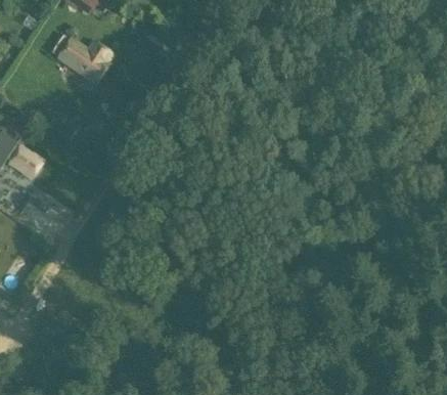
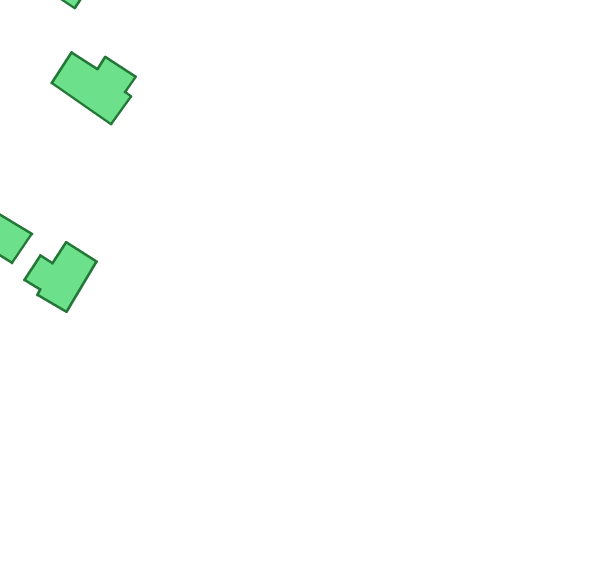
building: none -> [24,242,97,312]

